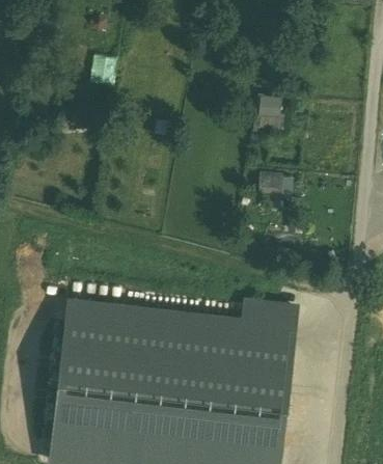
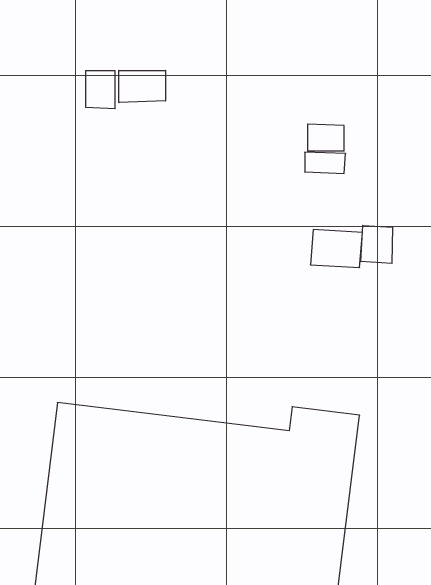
building: none -> [119,70,165,103]
building: none -> [361,225,392,263]

